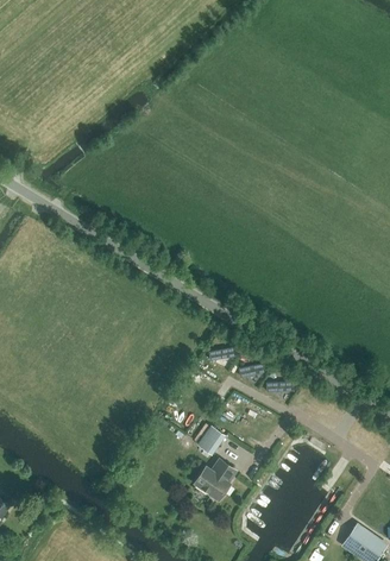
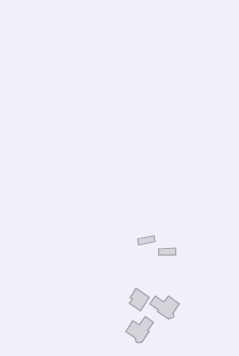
building: none -> [150,296,179,319]

